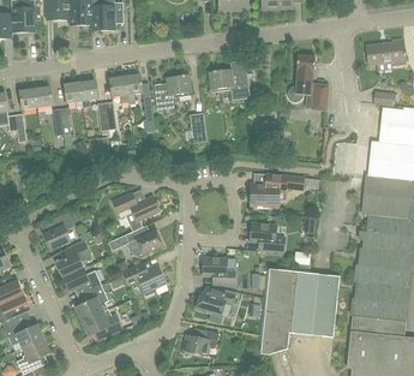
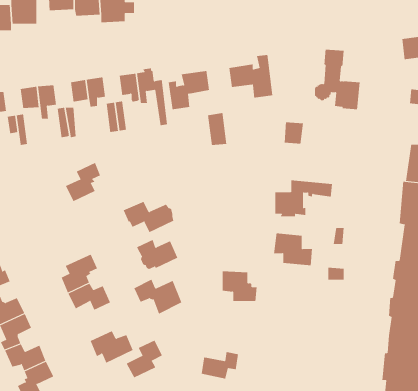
building: [43,213,76,249] -> [65,162,101,202]
building: [260,268,340,353] -> none
building: [76,285,109,320] -> [126,340,163,378]
building: [197,285,236,323] -> none

